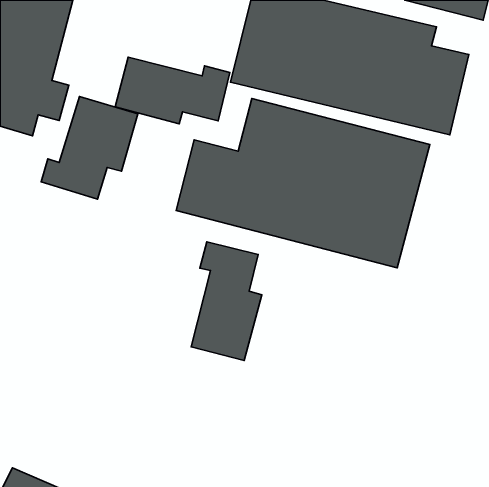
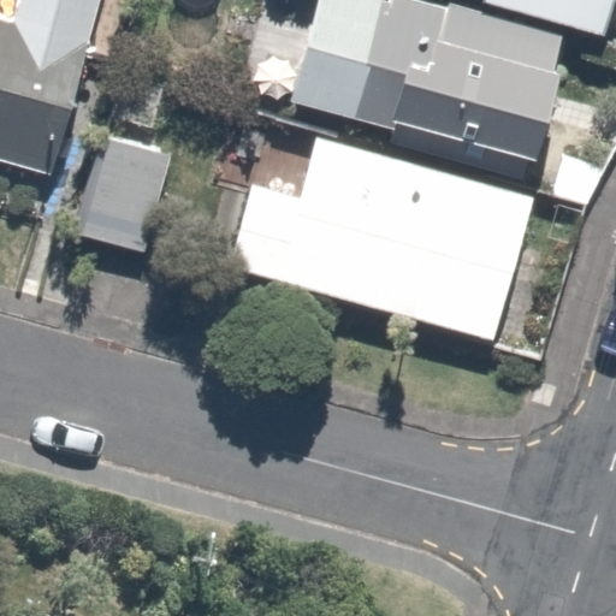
building: [115,57,230,124] -> none
building: [191,242,262,361] -> none

